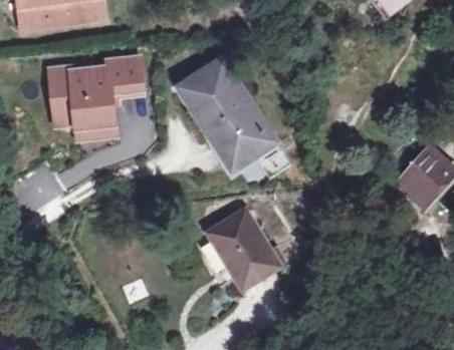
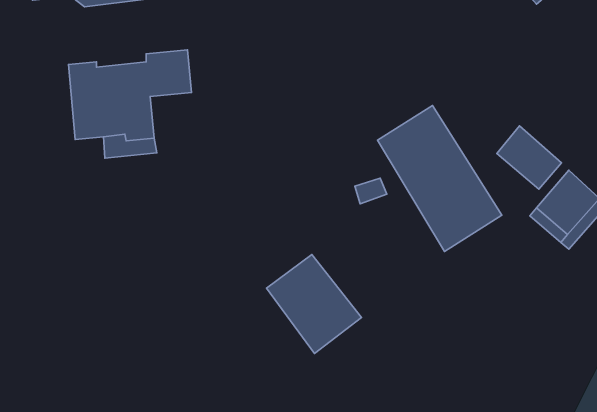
building: [177,59,270,168] -> [378,105,502,251]
building: none -> [497,126,562,189]

